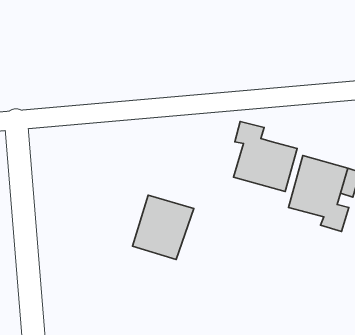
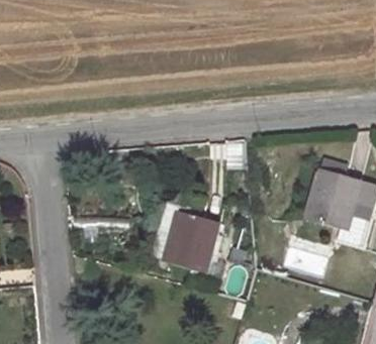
building: [233,121,297,192] -> none

